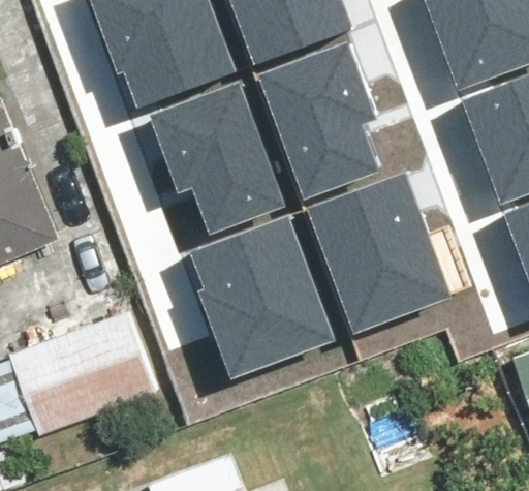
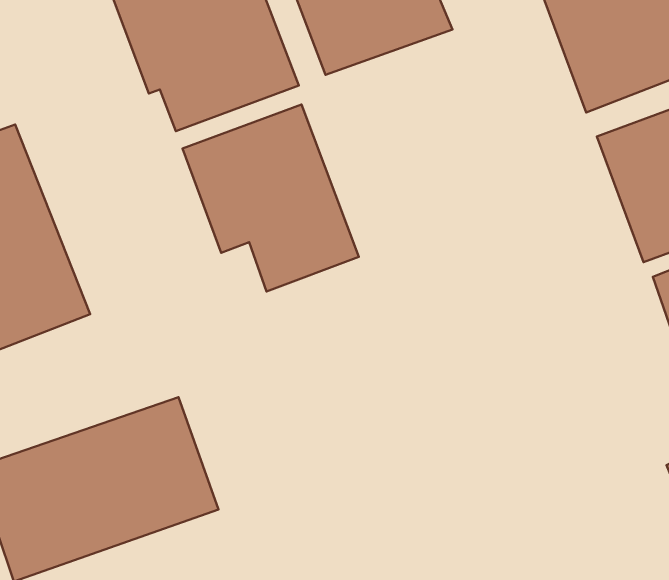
building: [257,41,379,193] -> none
building: [309,173,455,331] -> none
building: [193,221,331,377] -> none

